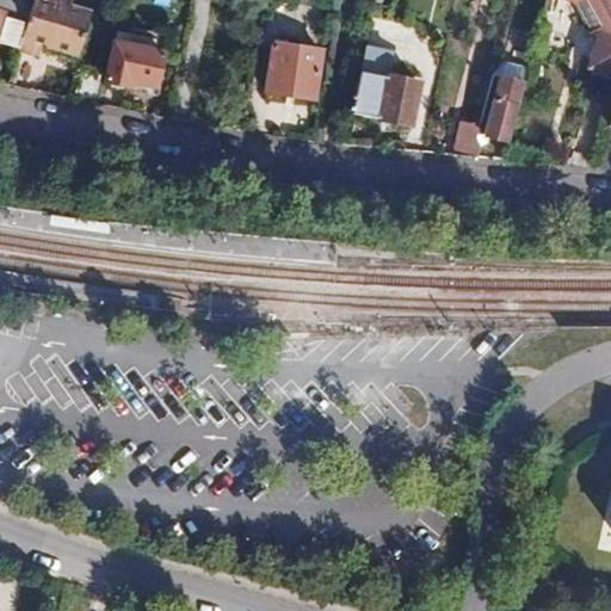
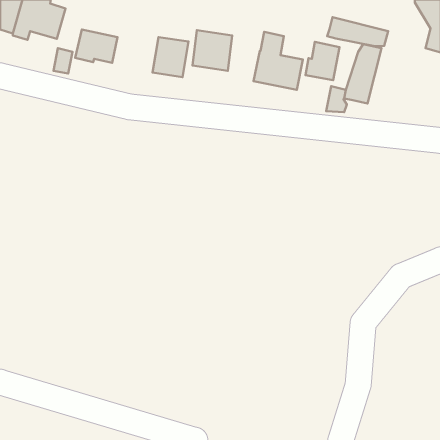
building: none -> [327,17,388,46]
building: none -> [153,37,188,77]
building: none -> [305,42,340,80]

